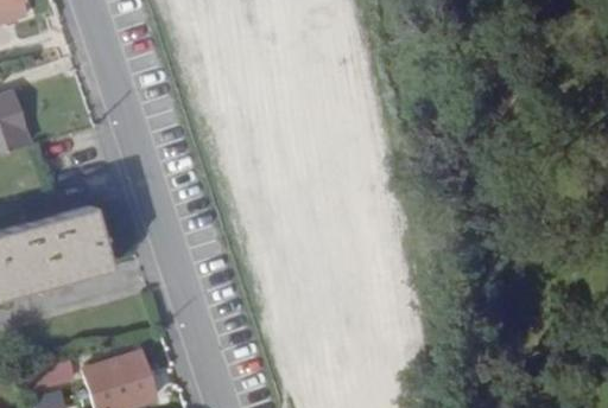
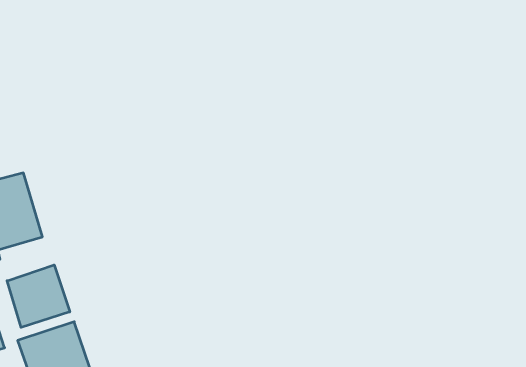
building: none -> [7,265,70,327]

